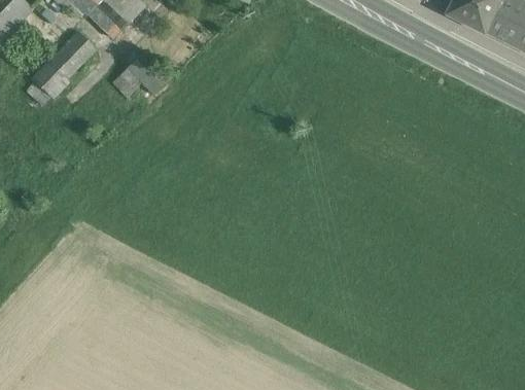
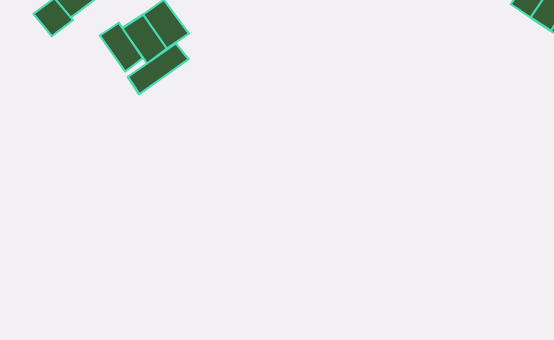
building: none -> [100,23,143,72]
building: none -> [128,43,189,94]

